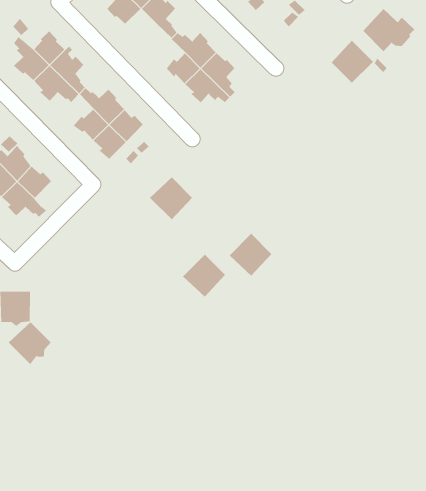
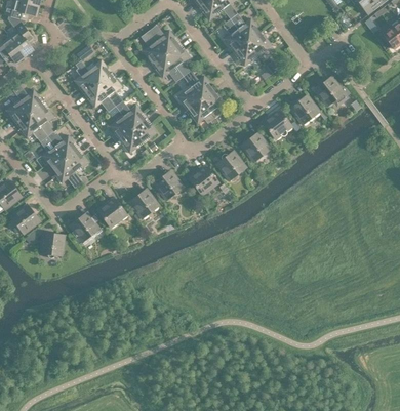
building: none -> [153,53,183,81]
building: none -> [262,110,298,138]
building: none -> [240,132,270,162]
building: none -> [215,151,245,180]
building: none -> [96,198,126,227]
building: [229,233,272,277] -> [188,165,217,195]
building: [182,254,226,297] -> [128,189,158,218]
building: [8,321,52,365] -> [69,212,98,242]

